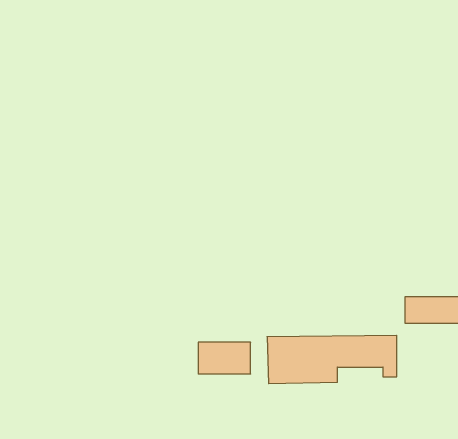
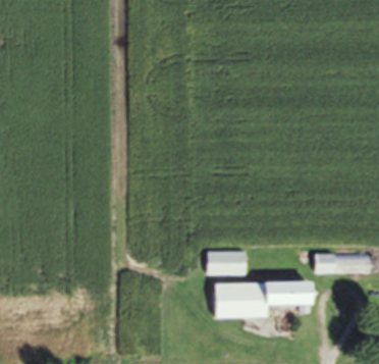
building: [198,342,251,374] -> [207,252,246,275]

